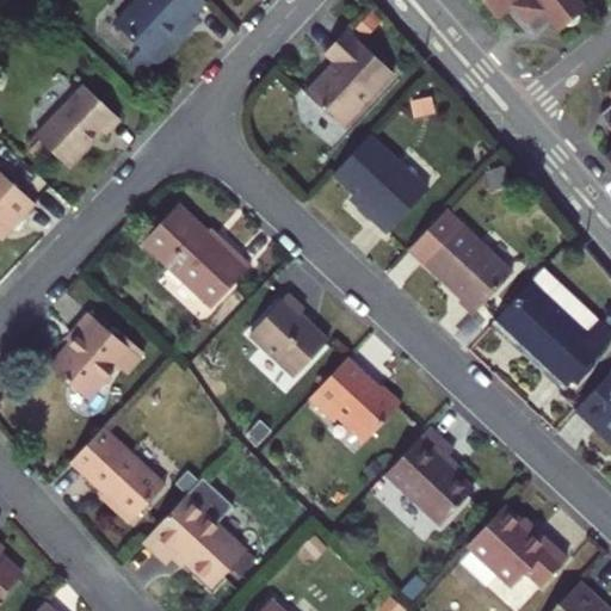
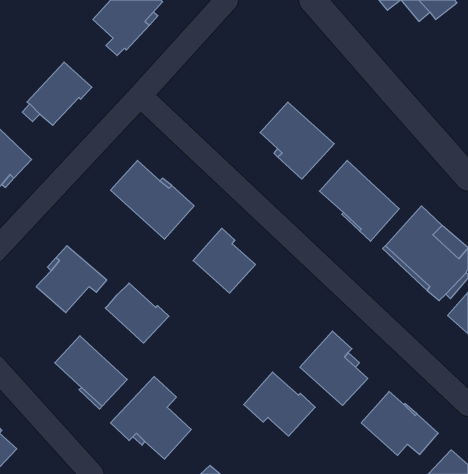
building: [309,27,393,121] -> none
building: [309,357,401,439] -> [244,372,315,436]
building: none -> [105,283,169,343]

